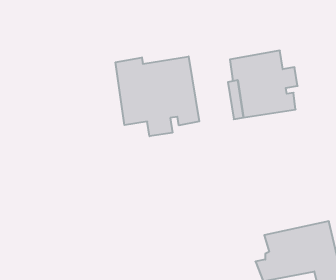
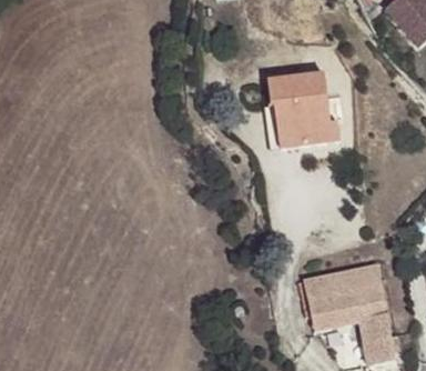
building: [116,56,199,136] -> none

